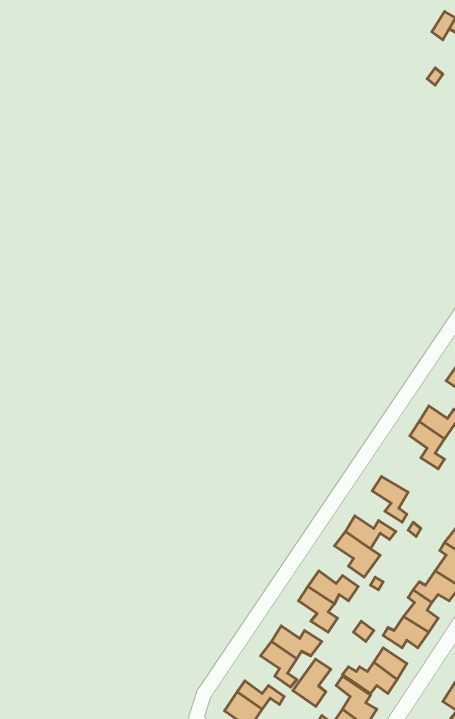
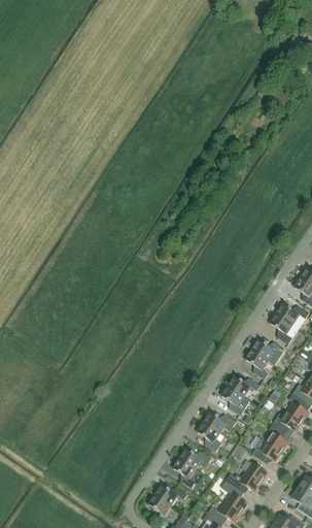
building: none -> [251,338,285,359]
building: [293,659,331,706] -> none

